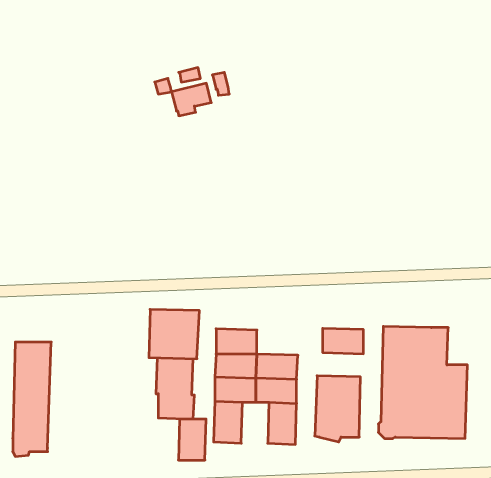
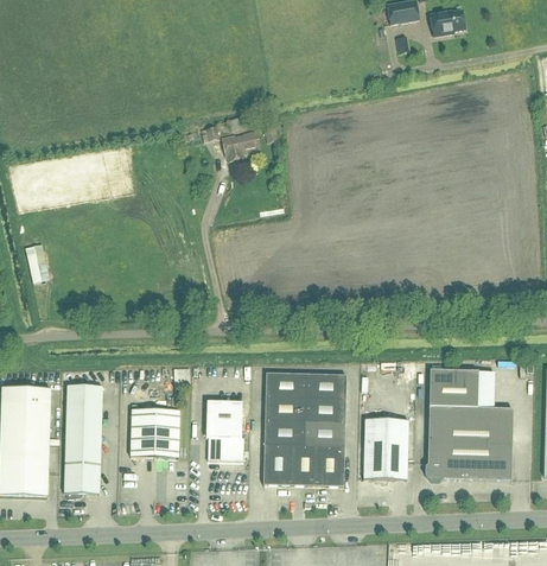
building: [149,309,199,359] -> [129,408,179,457]
building: [323,328,363,354] -> [305,373,345,398]
building: [178,419,206,460] -> [290,444,317,484]

